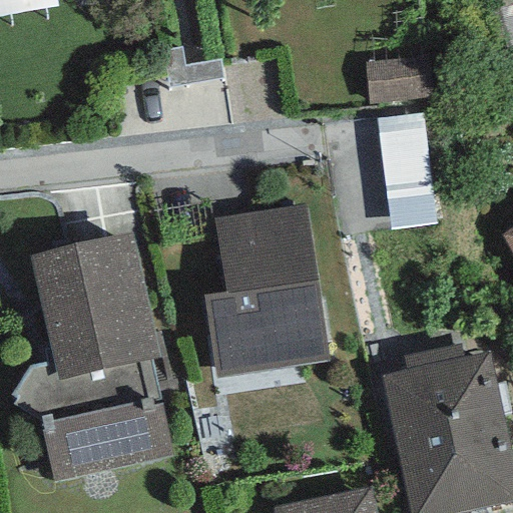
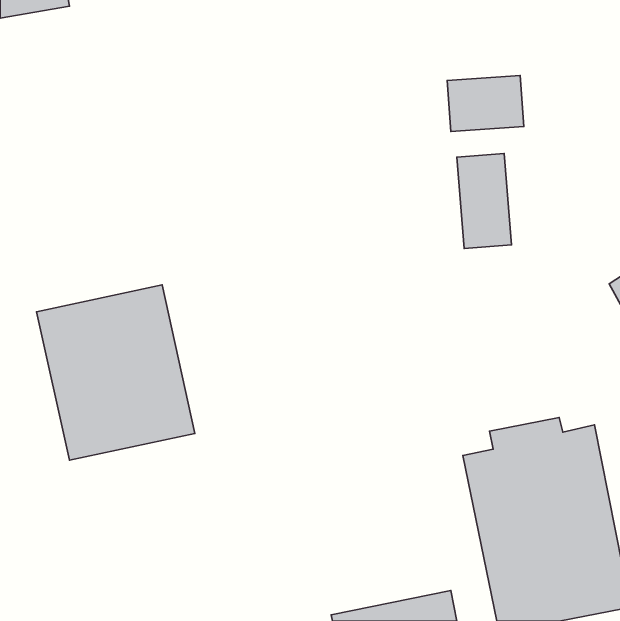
building: [207,203,330,377] -> none
building: [41,399,175,481] -> none

